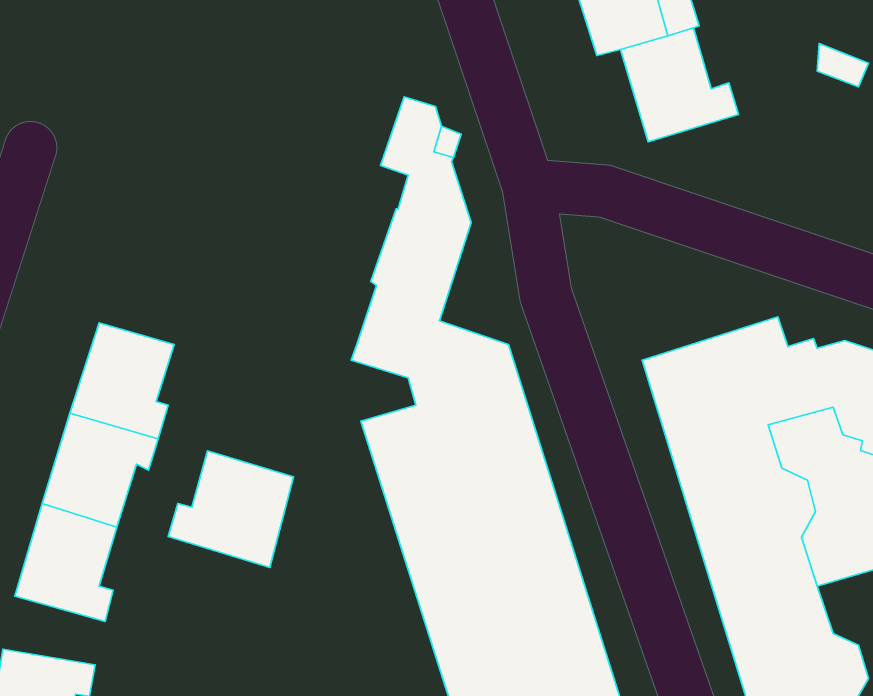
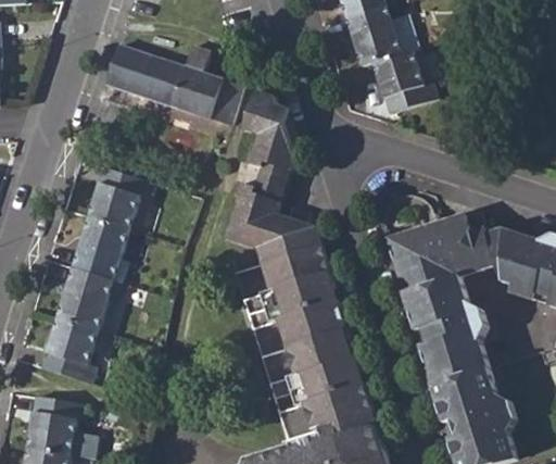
building: none -> [104,46,240,124]
building: none -> [89,165,152,228]
building: [168,451,293,567] -> none

